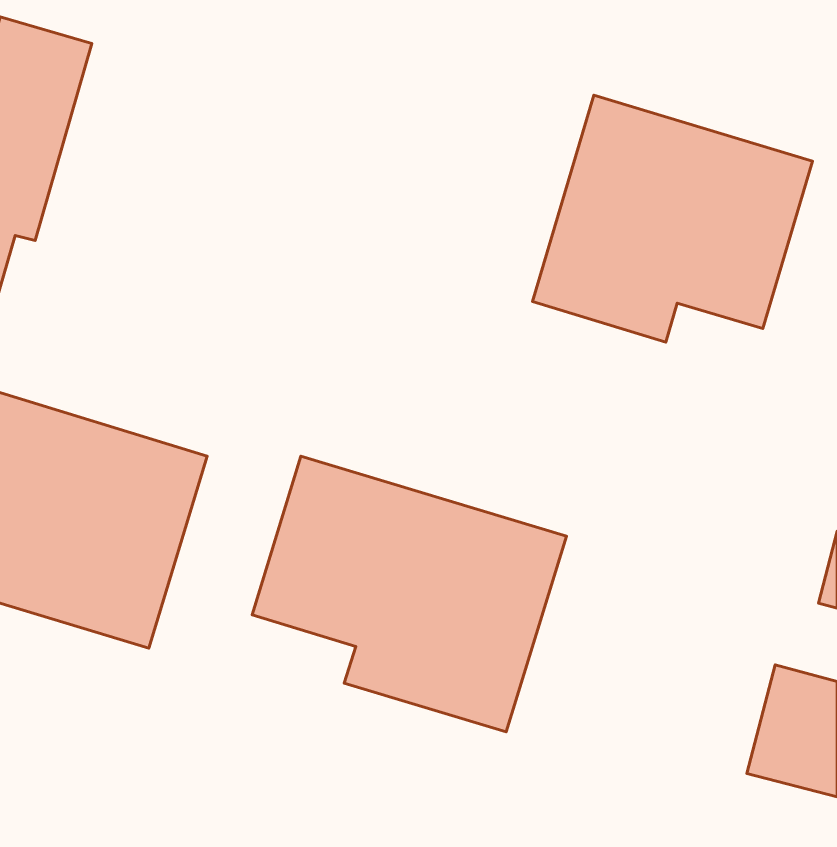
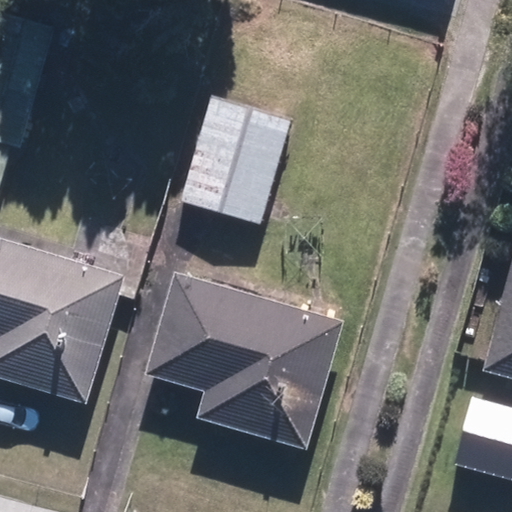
building: [533,95,813,342] -> none
building: none -> [185,100,288,222]

